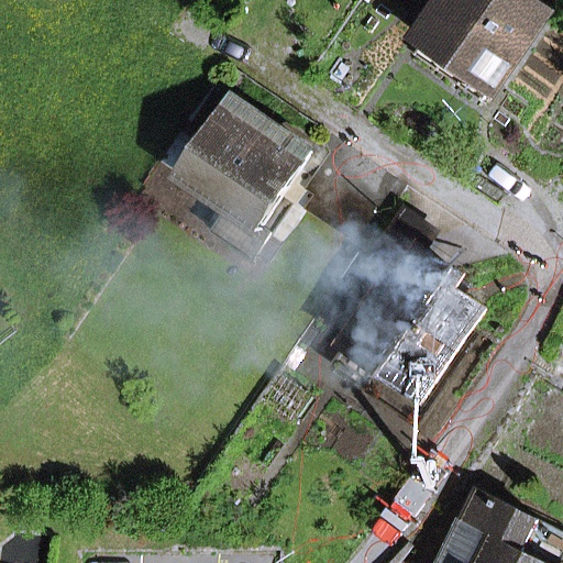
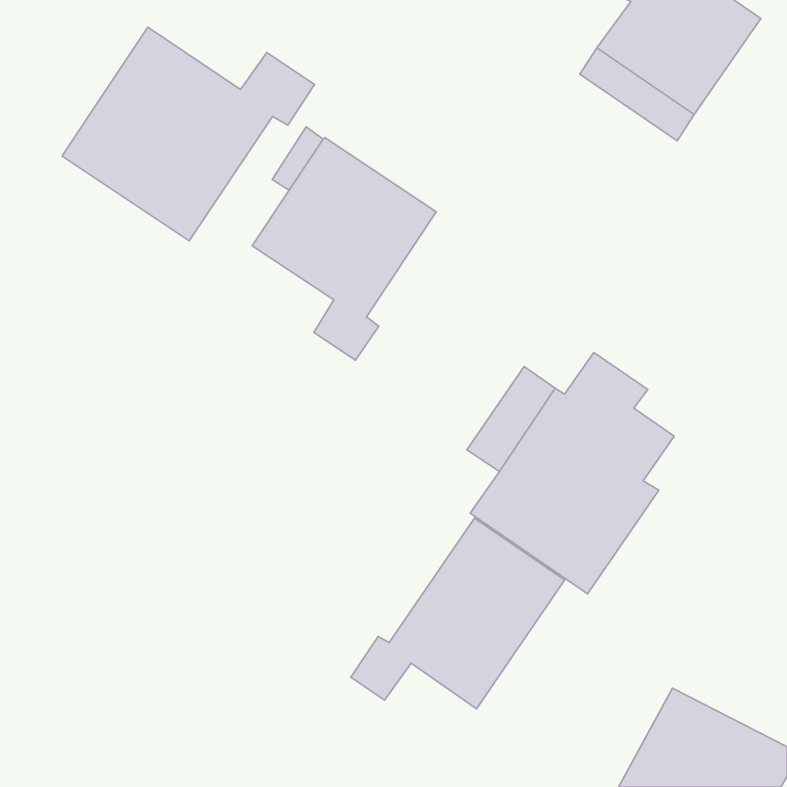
building: none -> [62,27,315,241]
building: none -> [351,518,564,709]

